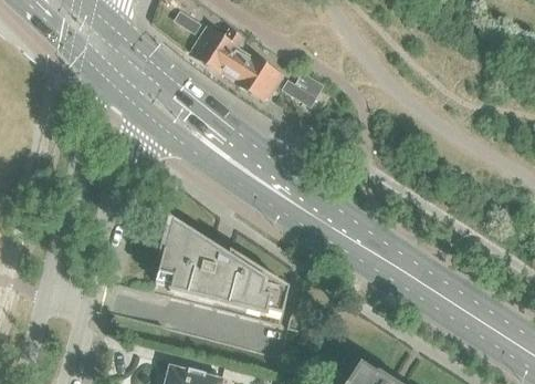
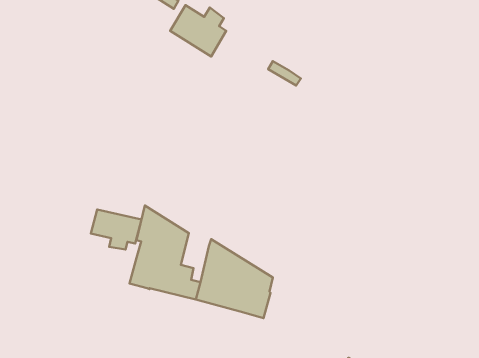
building: [231,51,283,98] -> none
building: none -> [91,209,141,249]

